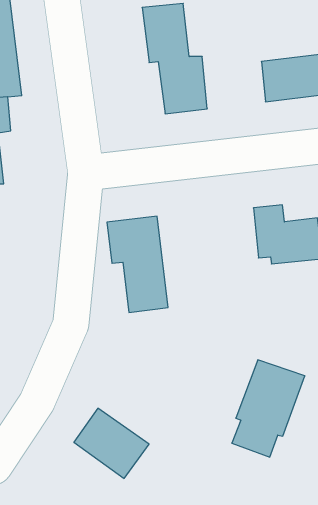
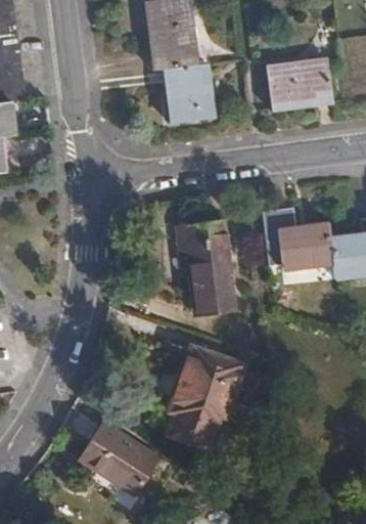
building: [107,216,168,312] -> [172,220,234,318]
building: [232,360,305,457] -> [167,349,241,448]

